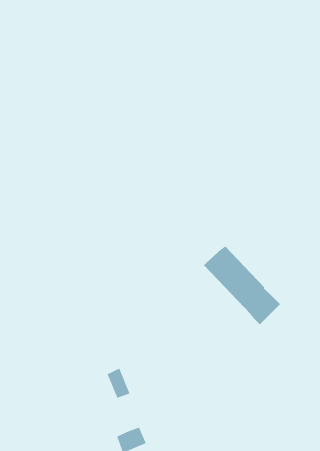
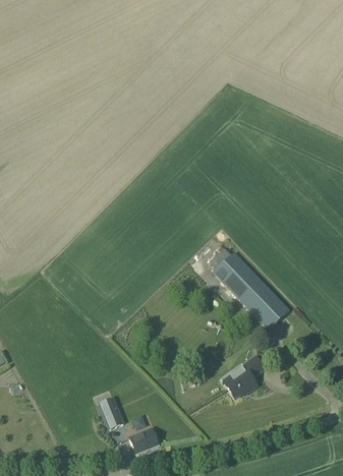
building: none -> [221,356,264,399]
building: [106,367,130,399] -> [100,398,123,428]

